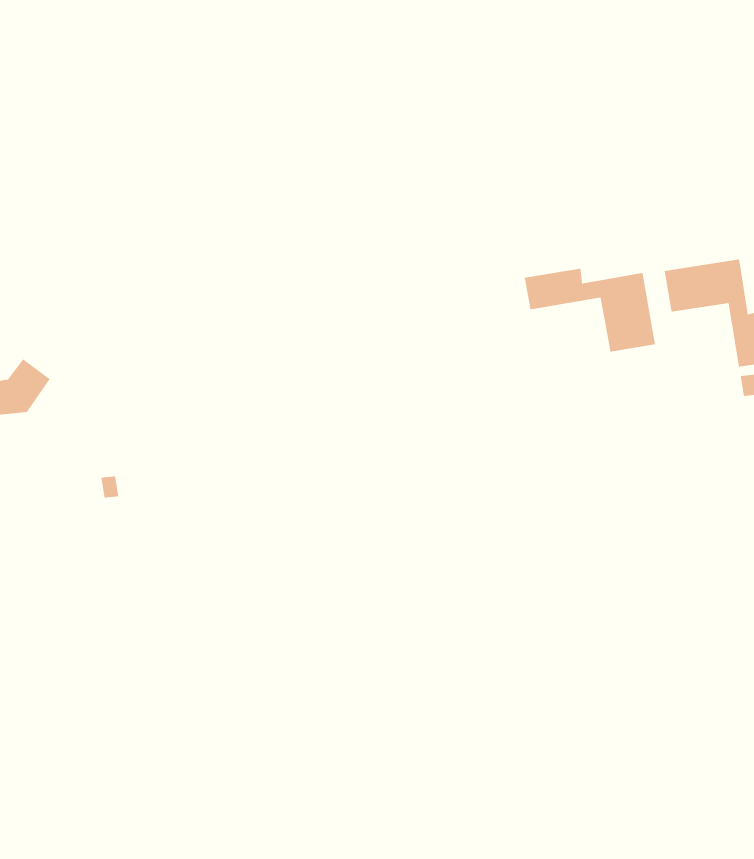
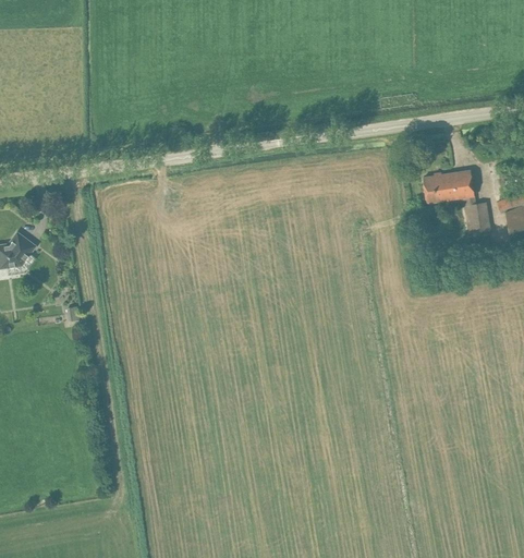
building: [524,268,656,352] -> none

